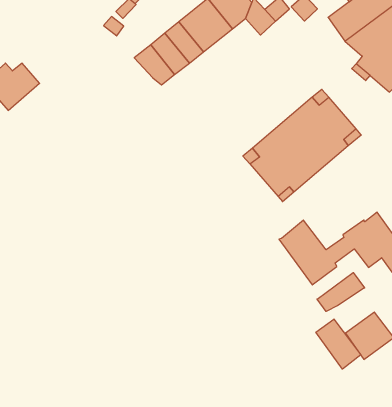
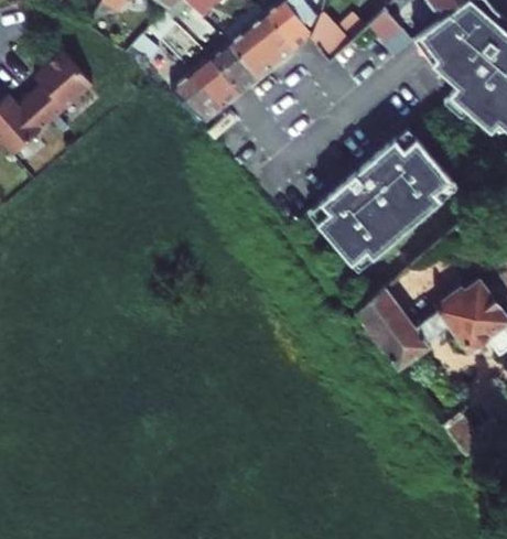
building: none -> [30,50,93,119]
building: [317,273,365,311] -> none
building: [316,319,361,369] -> none

